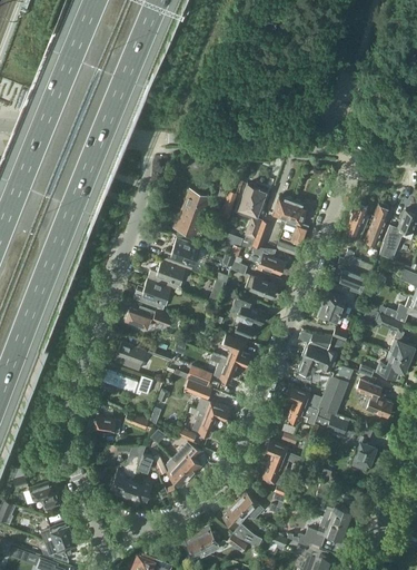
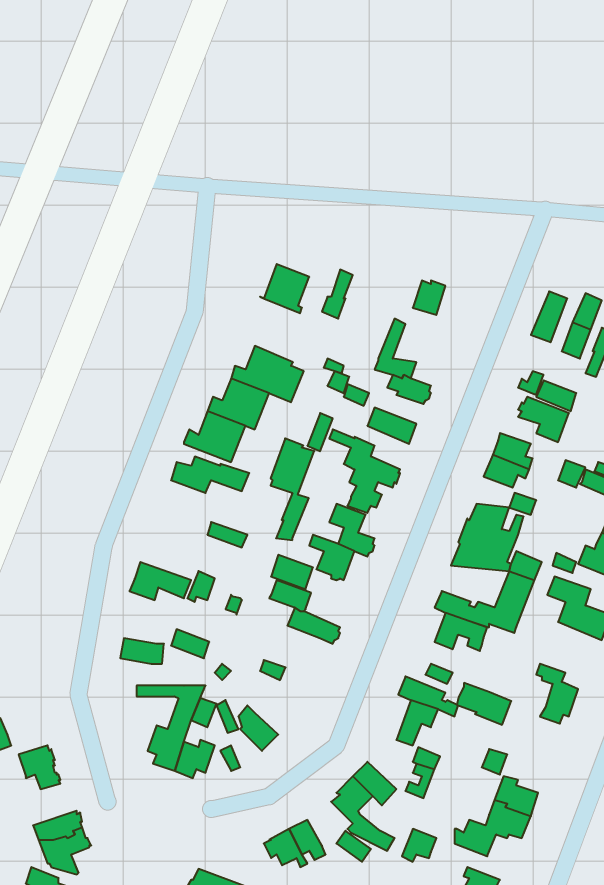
building: [239,184,266,246] -> [271,438,314,540]
building: [286,200,309,245] -> none
building: [173,207,205,236] -> none
building: [116,341,146,370] -> none
building: [189,406,217,435] -> none
building: [316,407,349,433] -> [457,683,511,725]
building: [172,442,202,475] -> none

